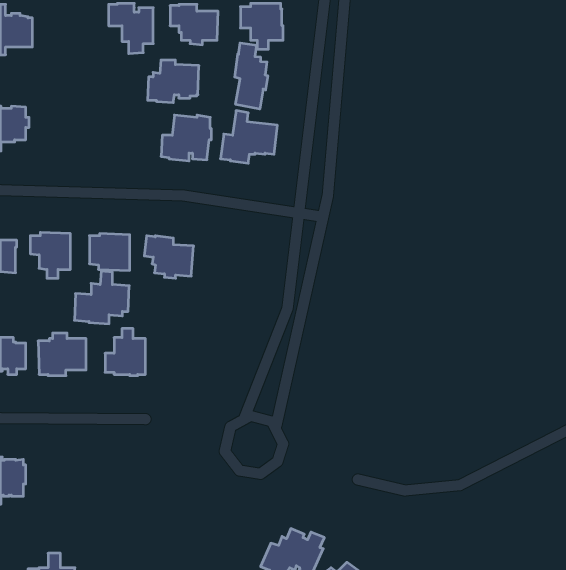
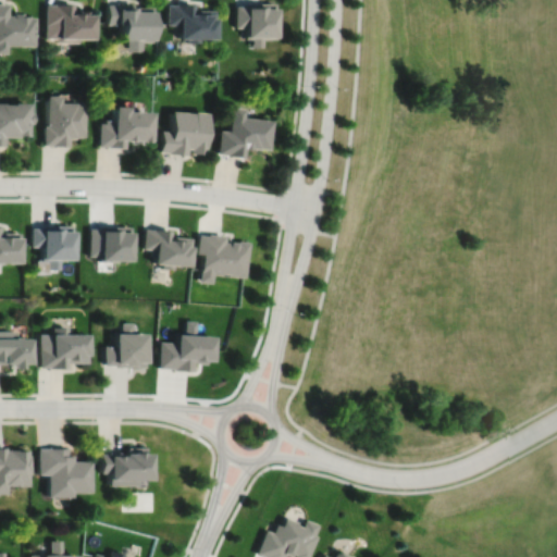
building: none -> [49,5,95,44]
building: [235,43,268,109] -> none
building: [148,60,199,103] -> [101,109,151,150]
building: none -> [47,98,86,148]
building: none -> [199,236,251,285]
building: [74,271,129,324] -> [162,319,215,370]
building: none -> [39,446,91,495]
building: none -> [101,446,151,484]

